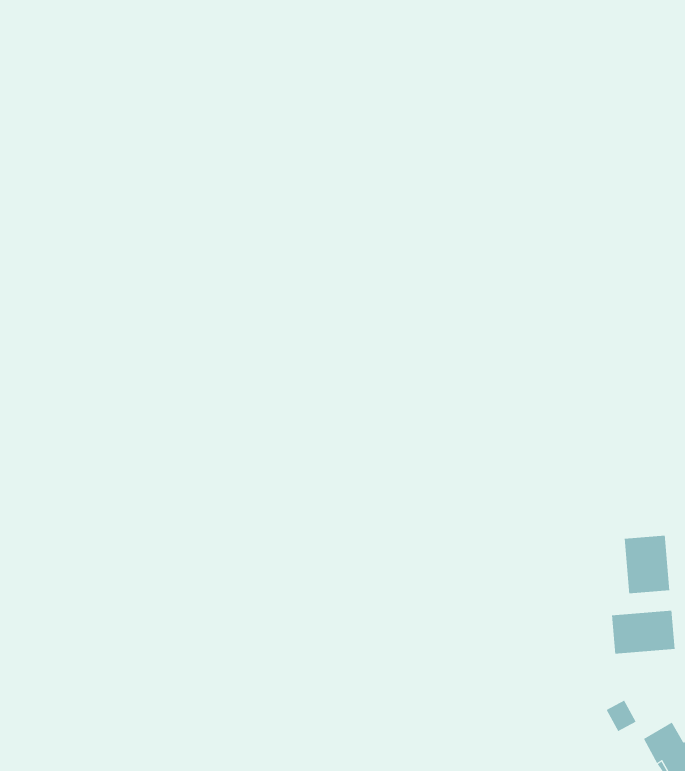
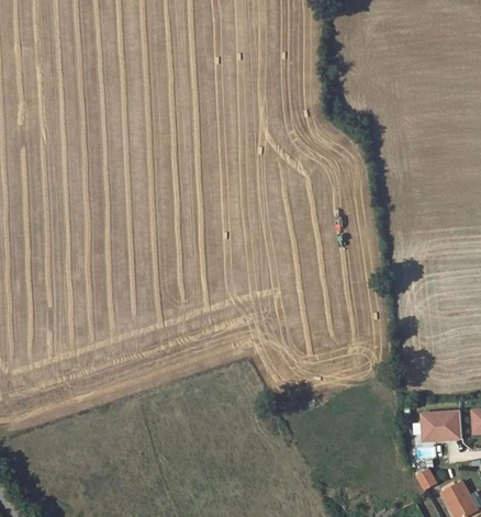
building: [624,535,670,594] -> none

